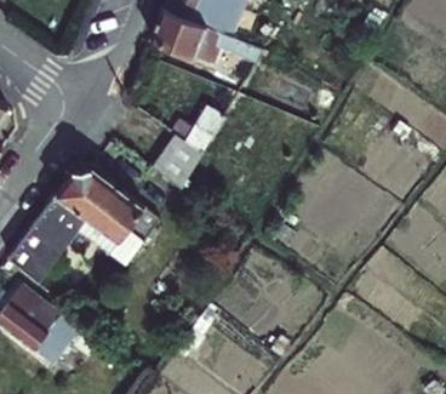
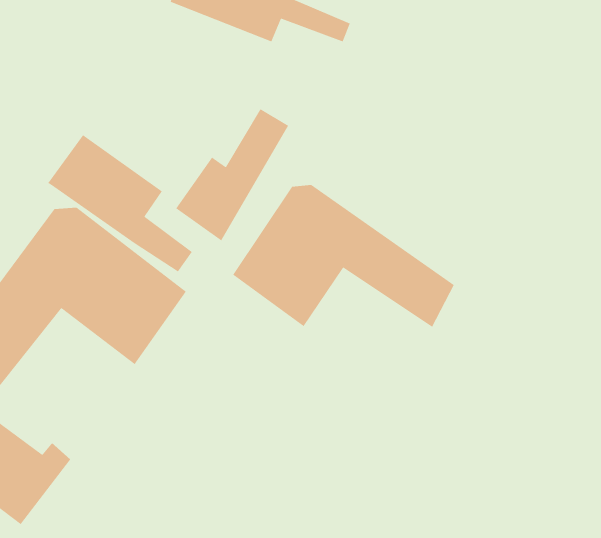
building: none -> [47,134,193,273]
building: none -> [232,184,455,328]

